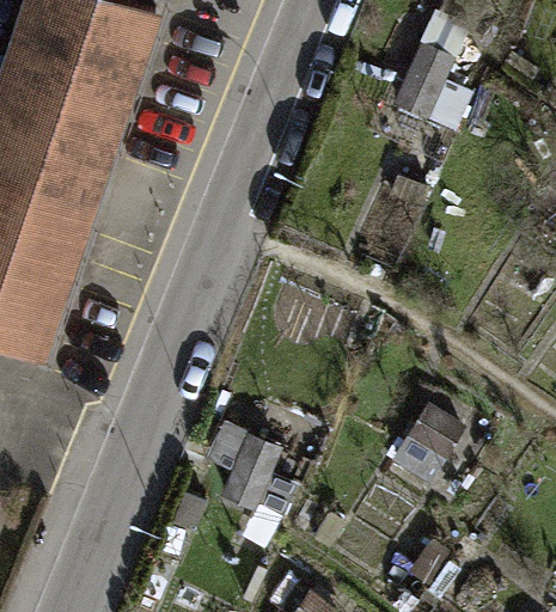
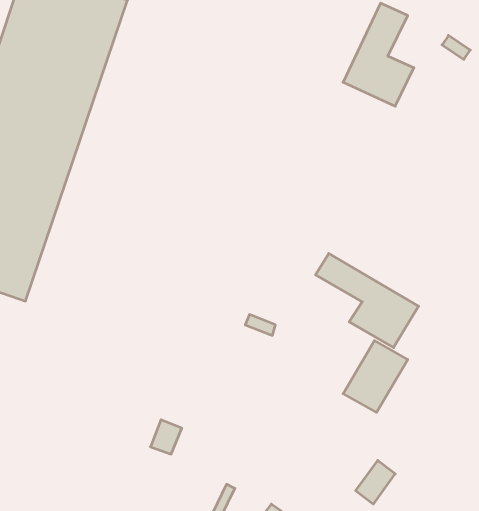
building: none -> [316,253,419,348]
building: [210,421,301,519] -> none

